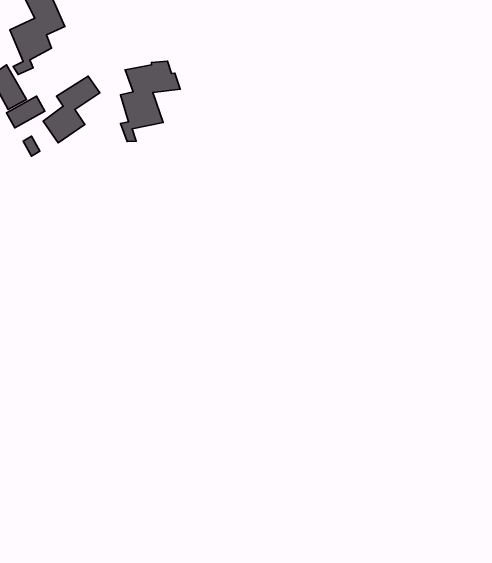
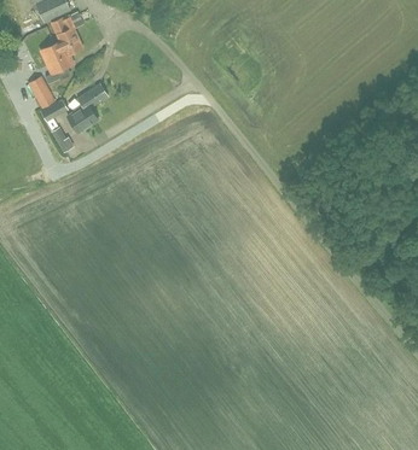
building: [120,61,180,141] -> none

